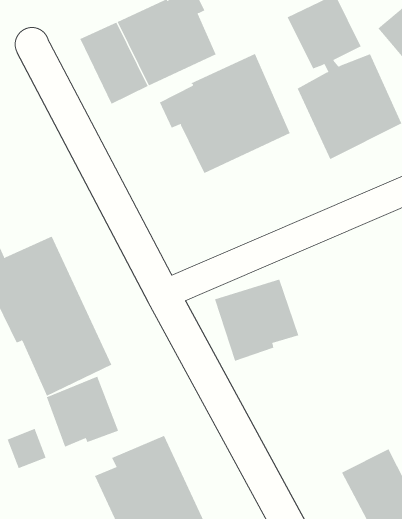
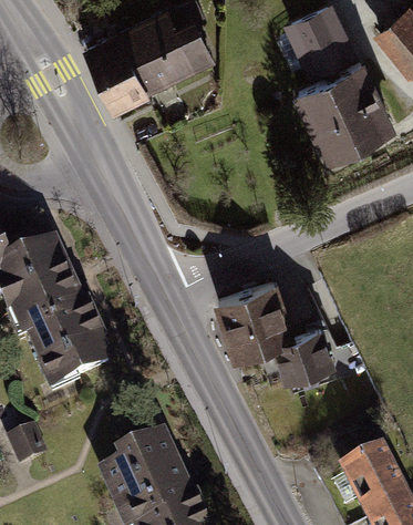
building: [159,53,291,174] -> none
building: none -> [271,329,337,385]
building: [46,376,119,447] -> none

